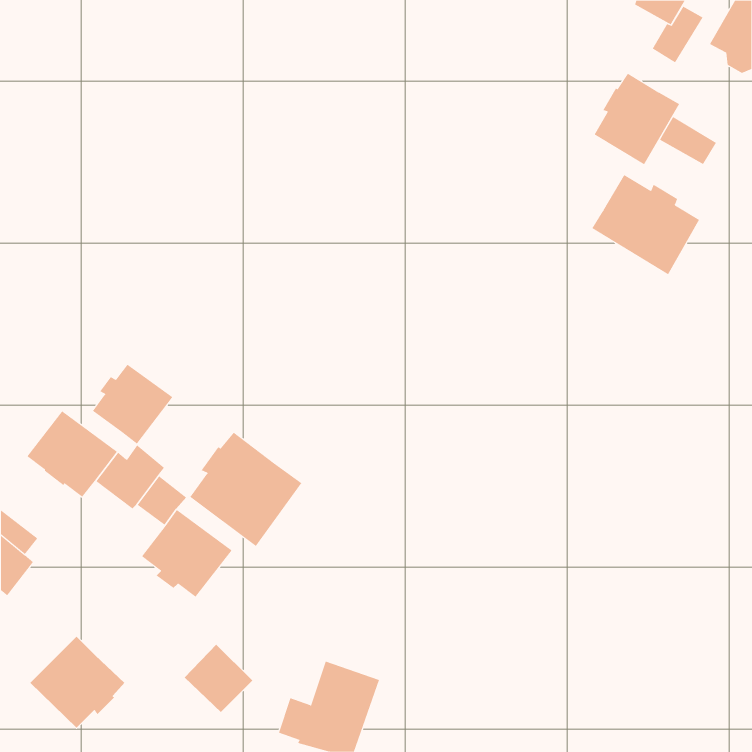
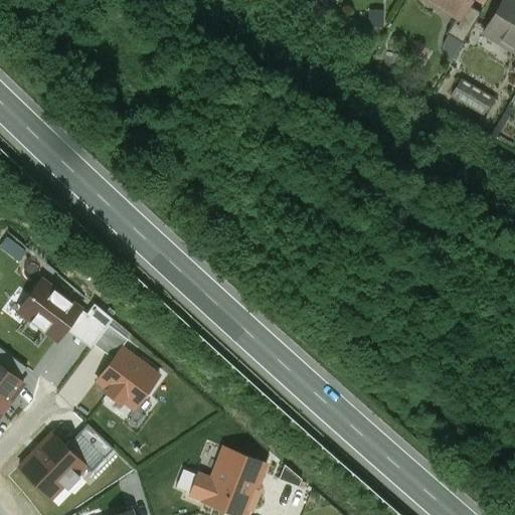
building: [594,73,680,165] -> none
building: [591,174,700,275] -> none
building: [92,364,173,445] -> none
building: [190,432,302,547] -> none
building: [184,644,253,713] -> [65,424,113,472]

